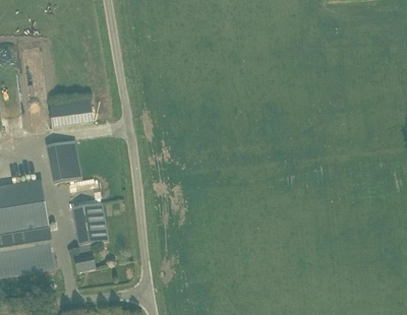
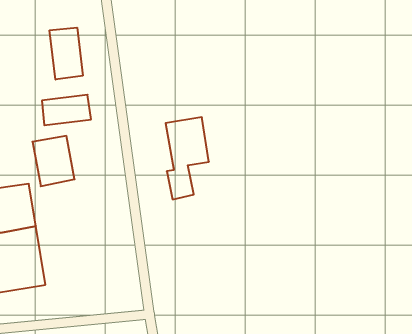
building: none -> [50,28,83,80]
building: [70,201,108,272] -> [166,117,209,199]

